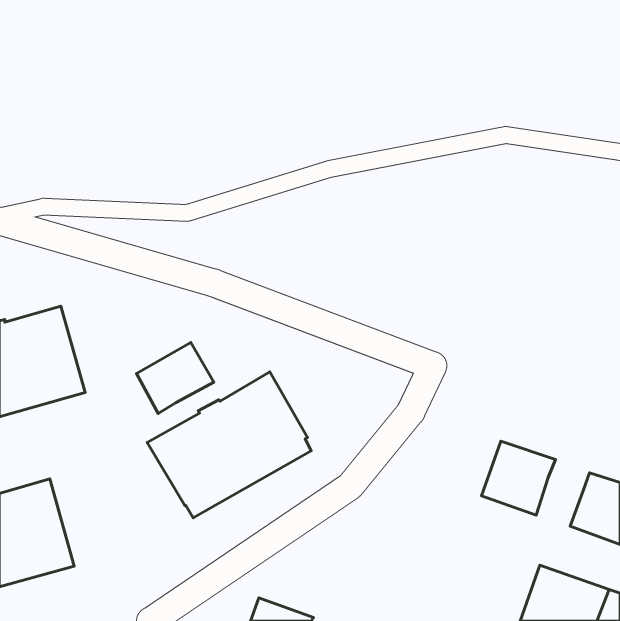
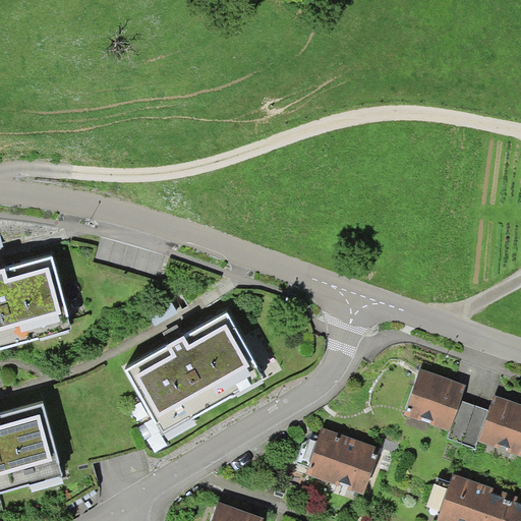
building: [137,342,214,413] -> none
building: none -> [447,400,488,448]
building: none -> [305,427,380,494]

